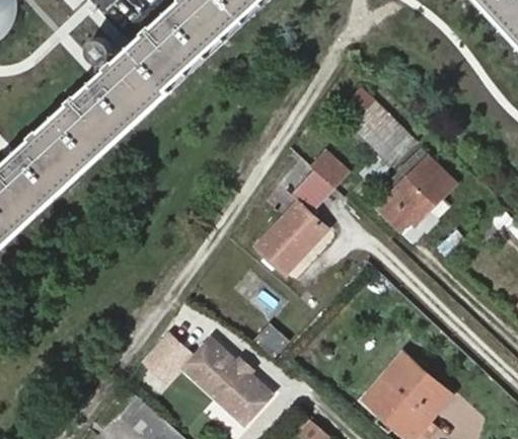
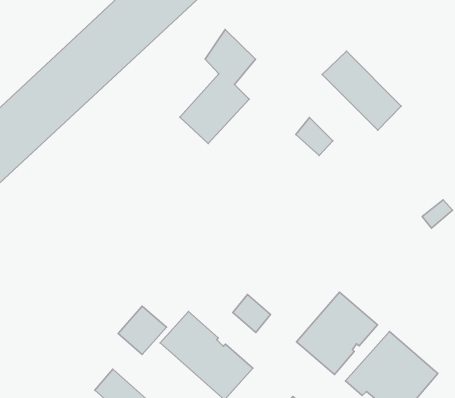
building: [380,159,455,232] -> none
building: [257,162,330,272] -> [180,30,256,143]
building: none -> [297,292,378,374]

